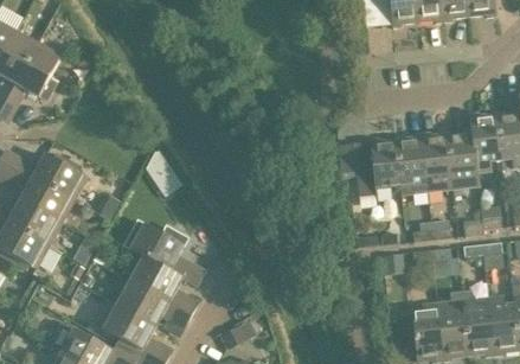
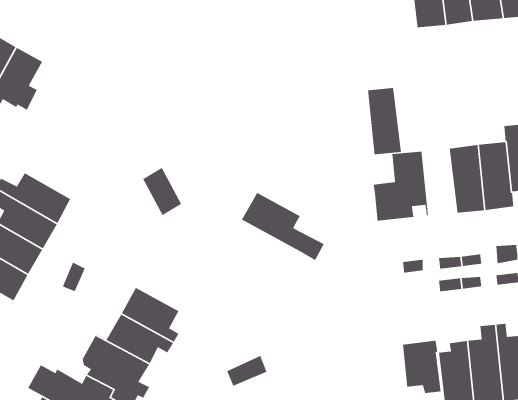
building: [398,133,429,193] -> [367,87,402,155]
building: [130,224,205,286] -> [241,192,325,261]
building: none -> [402,340,441,394]

